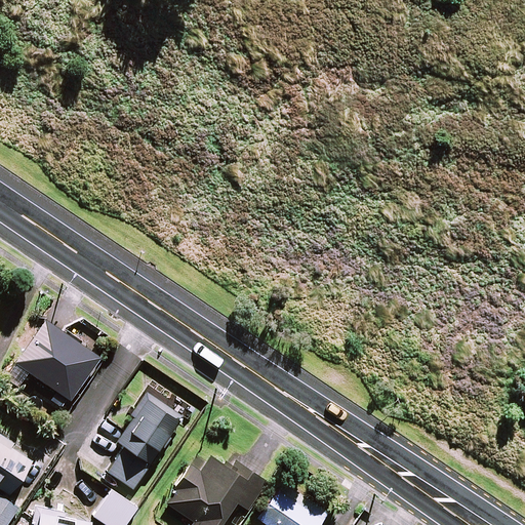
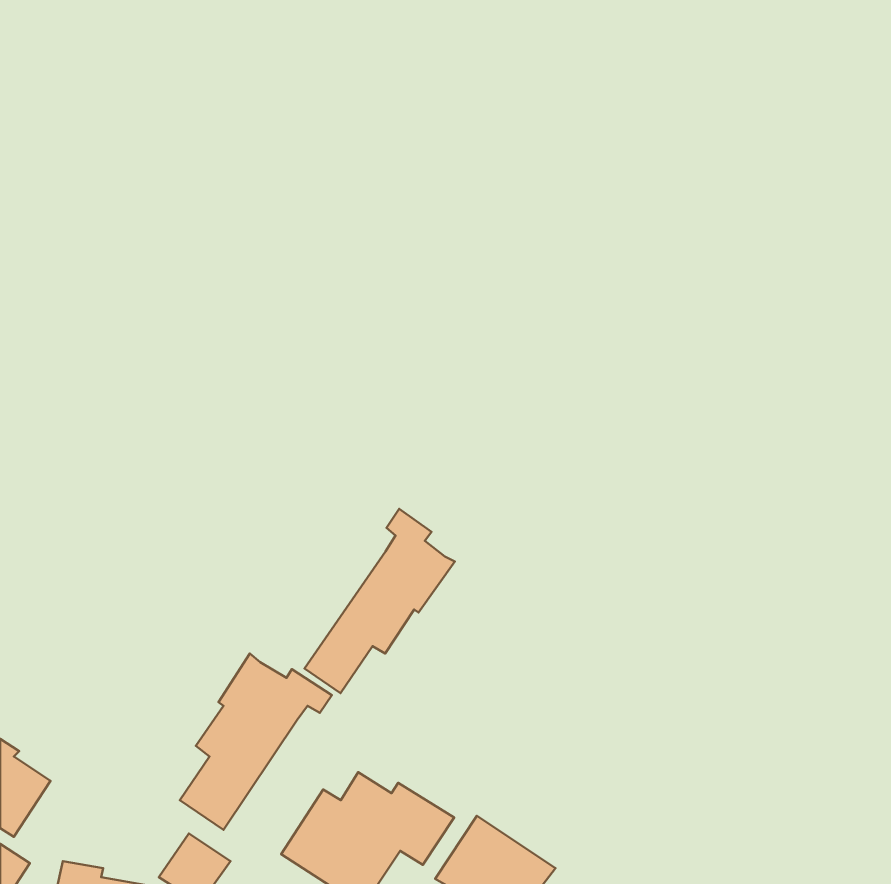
building: none -> [305,509,455,693]
building: [15,323,99,403] -> none

